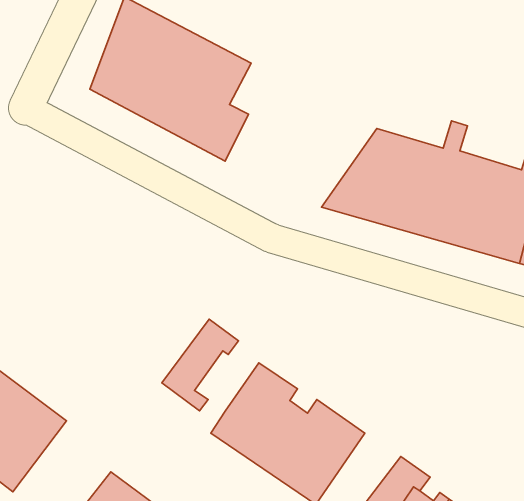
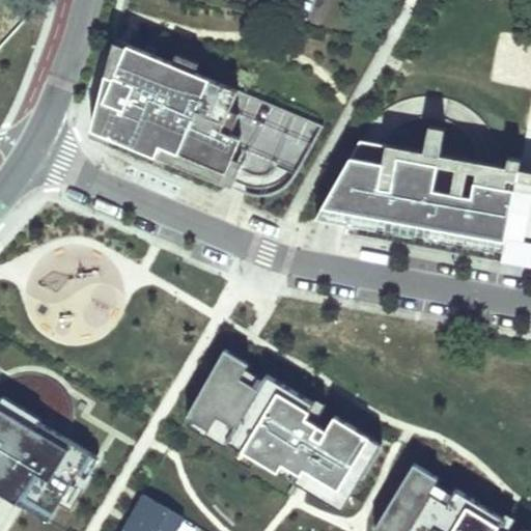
building: none -> [227,101,308,189]
building: none -> [215,368,272,424]

